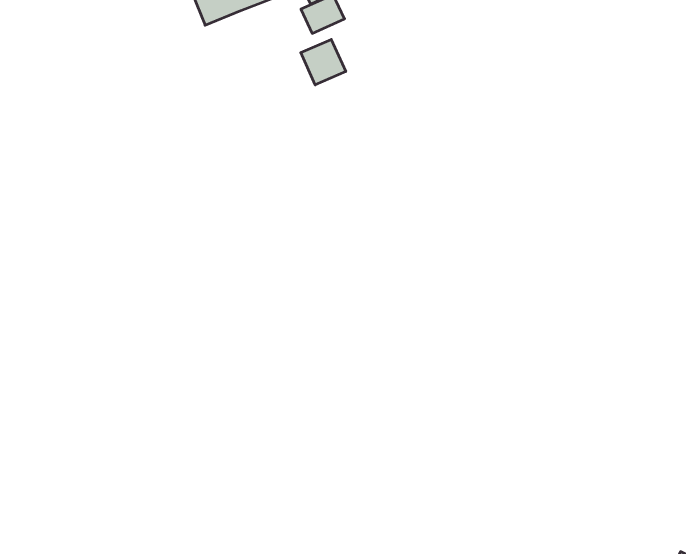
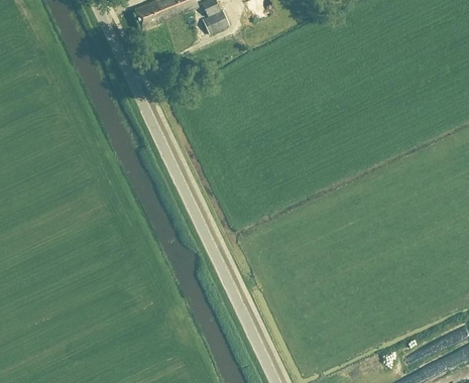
building: [301,39,346,85] -> none

